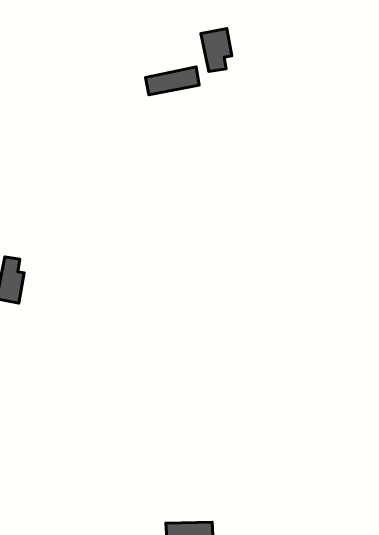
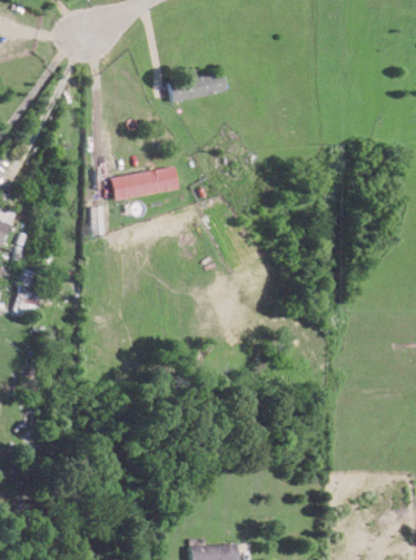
building: [201,29,232,72] -> none
building: none -> [111,167,178,200]

